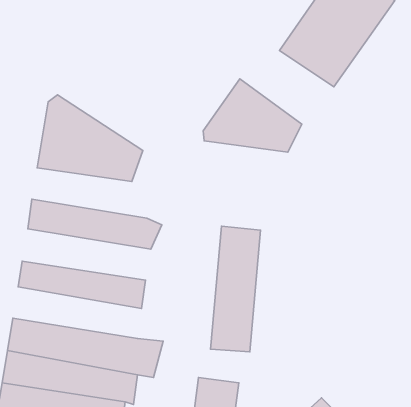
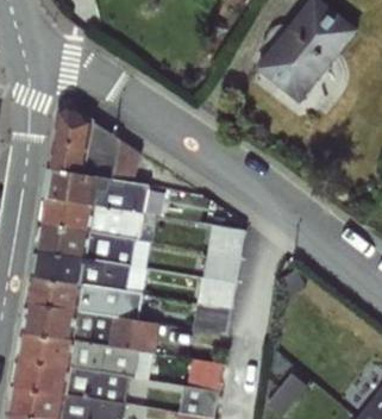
building: [203,79,302,152] -> none
building: none -> [43,173,146,217]
building: none -> [35,226,148,271]
building: none -> [26,277,139,323]

